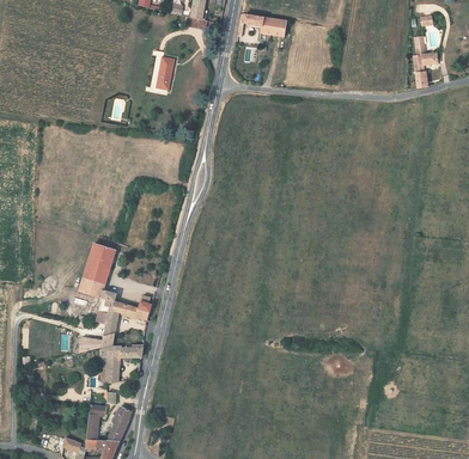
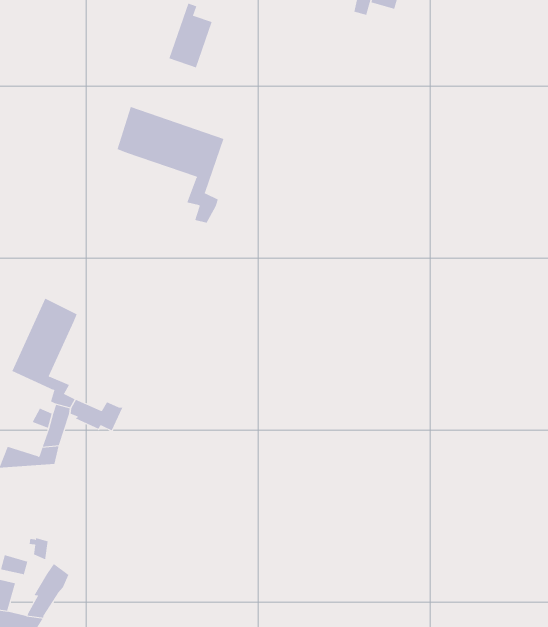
building: none -> [117,106,224,223]
building: [100,345,142,382] -> none

